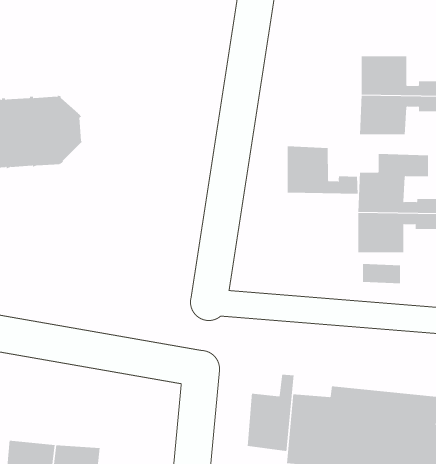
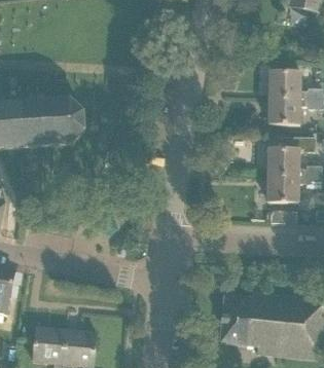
building: [287,146,358,195] -> none
building: [247,374,294,452] -> none

